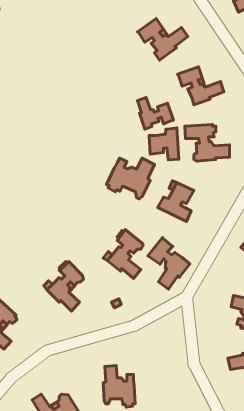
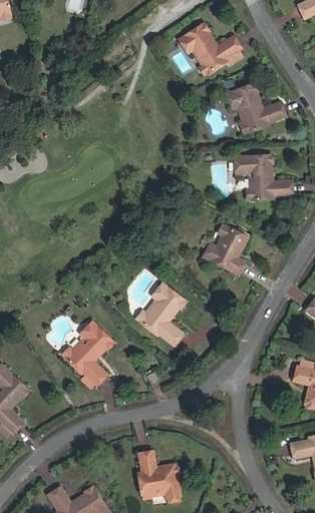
building: [137,98,174,129] -> none
building: [149,128,179,160] -> none
building: [106,158,155,199] -> none
building: [148,238,190,289] -> none

